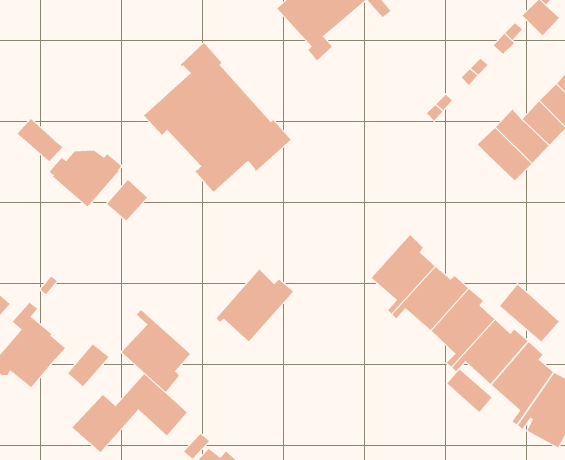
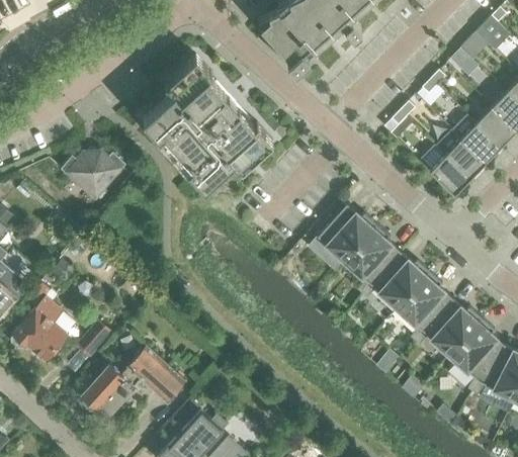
building: [17,118,64,162] -> none
building: none -> [421,146,469,194]
building: [106,179,148,221] -> none
building: [216,269,294,342] -> [309,204,377,269]
building: [499,284,559,343] -> none
building: [121,309,191,393] -> none
building: [447,369,493,413] -> none

